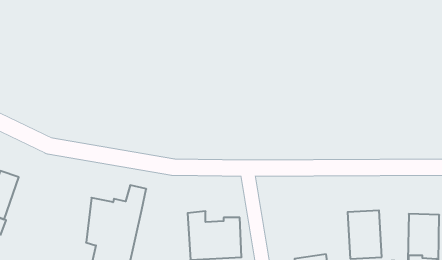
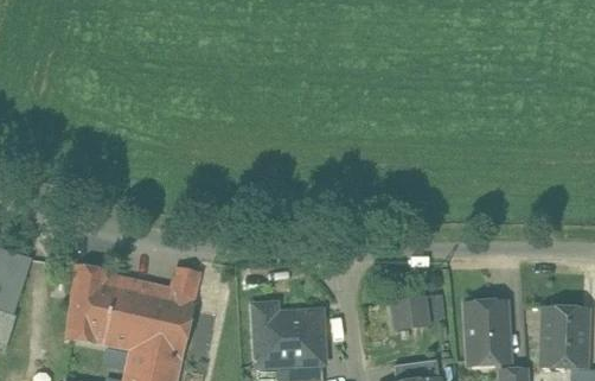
building: none -> [70,266,127,343]
building: none -> [388,299,430,332]

